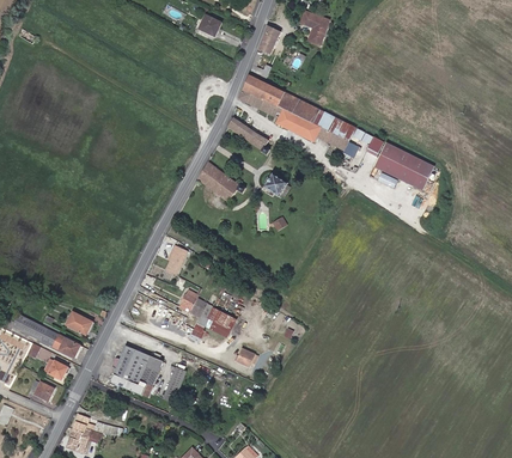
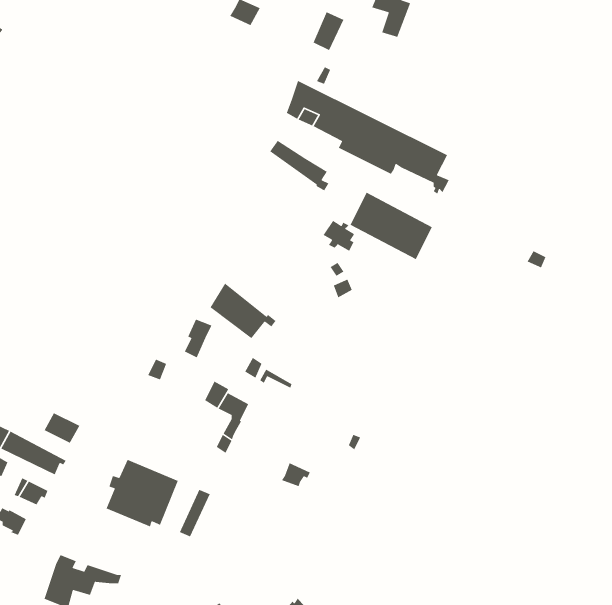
building: [373,142,433,191] -> [349,192,433,260]
building: [197,160,245,201] -> [210,282,276,339]
building: [203,306,237,337] -> none

